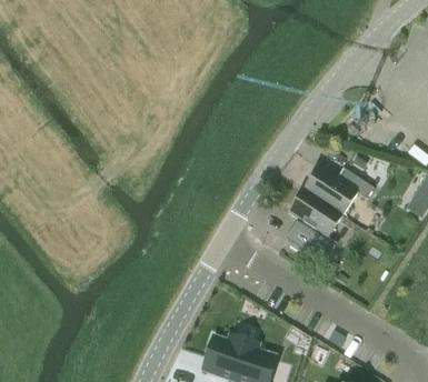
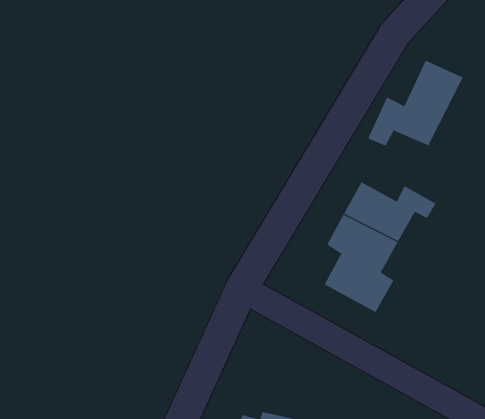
building: none -> [367,60,464,147]

